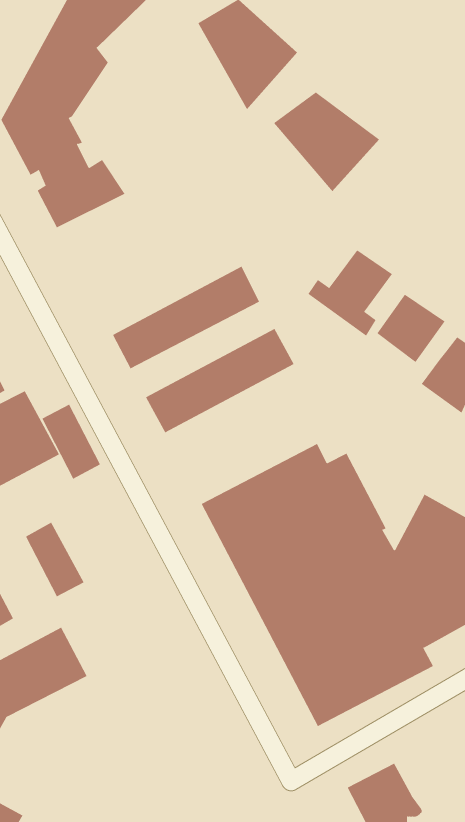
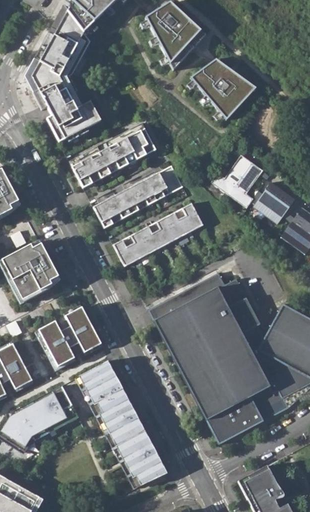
building: none -> [72,127,157,187]
building: [42,404,101,479] -> [66,306,102,352]
building: none -> [76,358,170,486]

